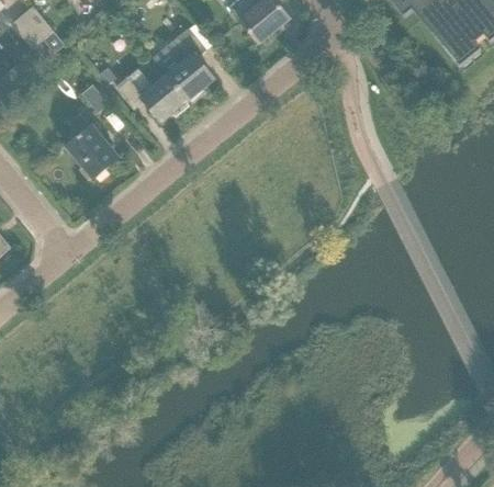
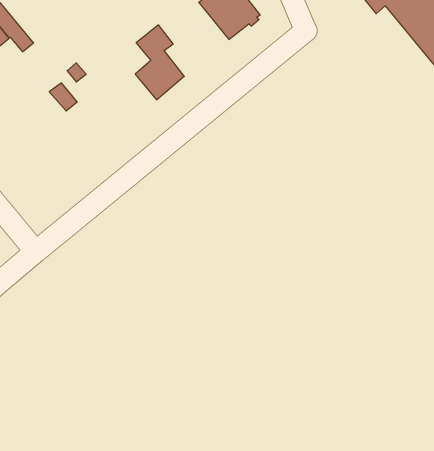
building: [115,69,186,122] -> none
building: [66,111,117,179] -> none

